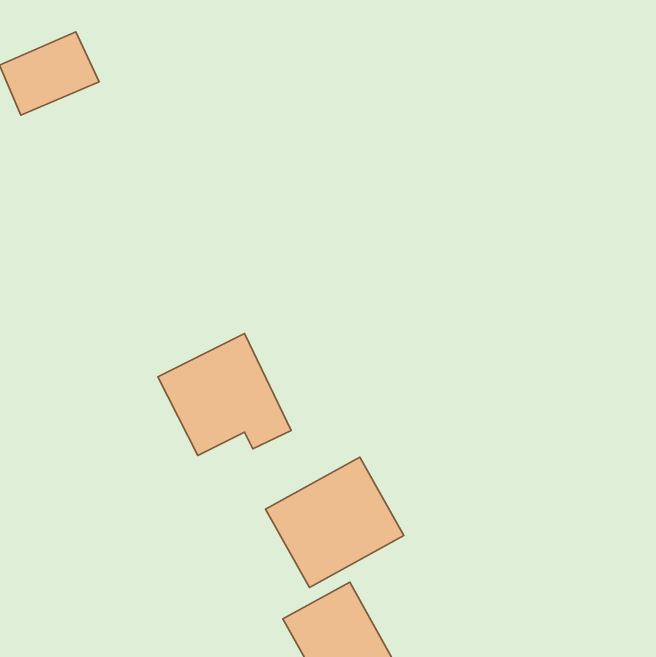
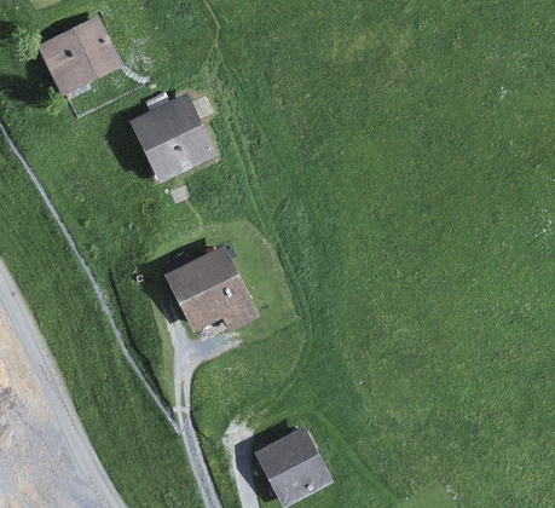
building: none -> [132,96,219,179]
building: [266,457,404,588] -> none

